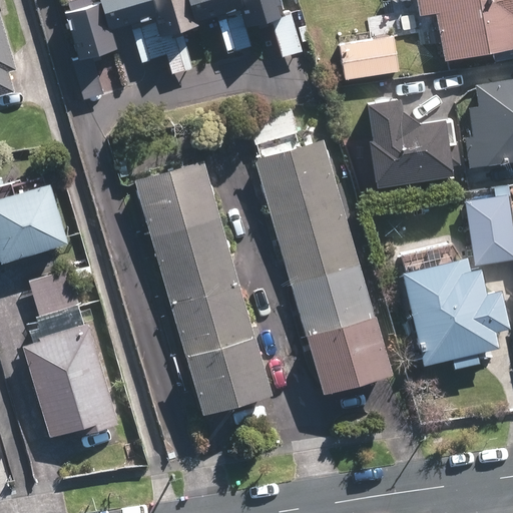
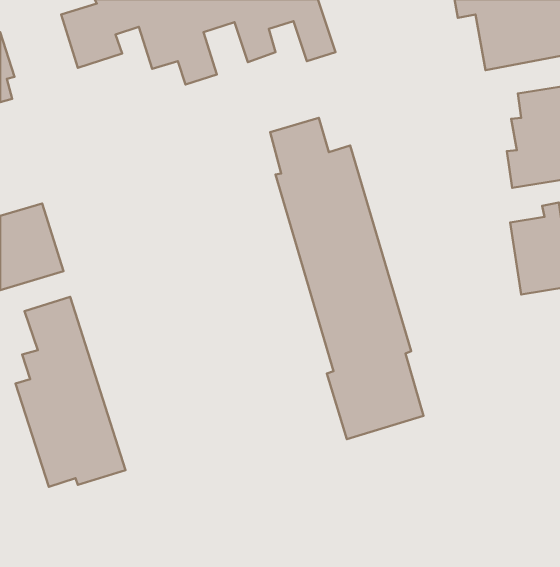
building: [341,39,402,78] -> none
building: [362,99,461,188] -> none
building: [133,159,270,416] -> none
building: [397,254,507,370] -> none

